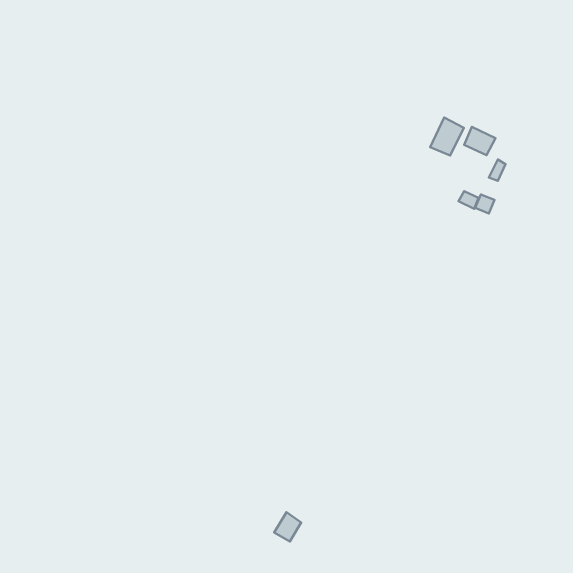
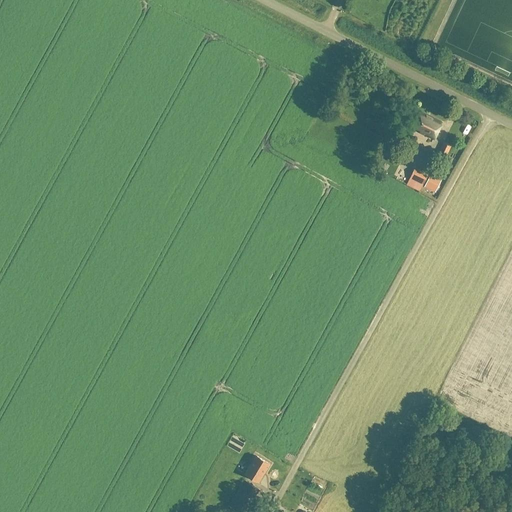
building: [430,118,464,156] -> none

